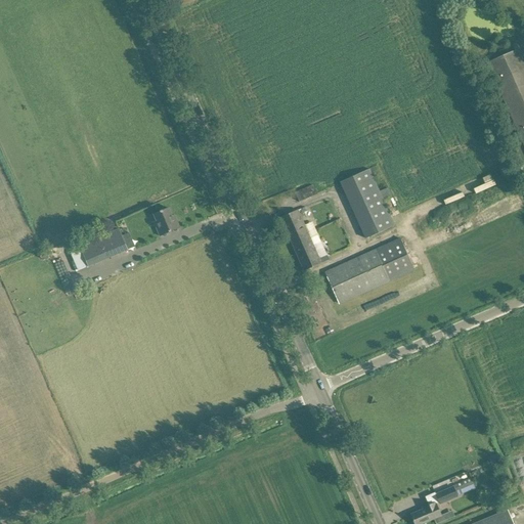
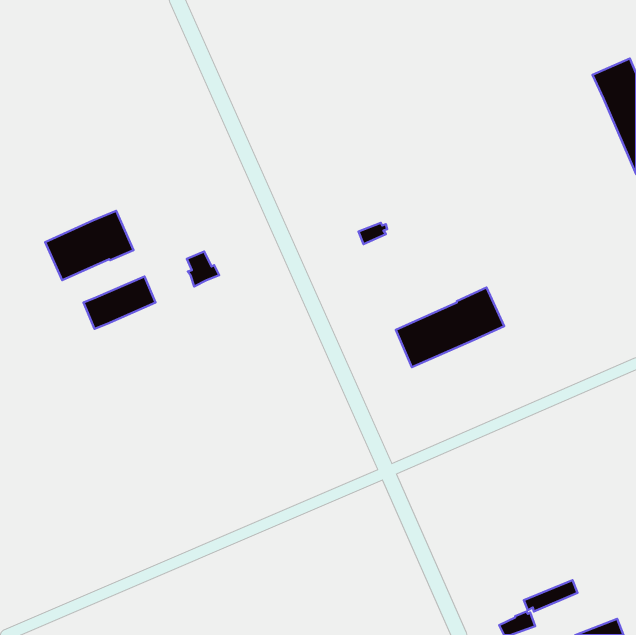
building: [340,168,395,237] -> none
building: none -> [45,211,133,280]
building: [280,209,321,269] -> none

